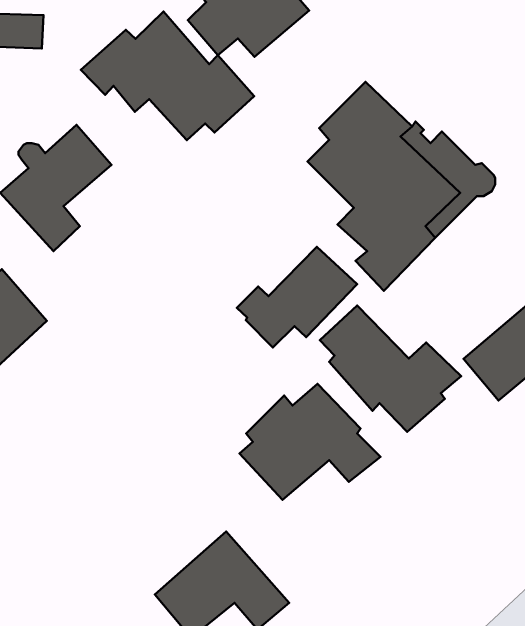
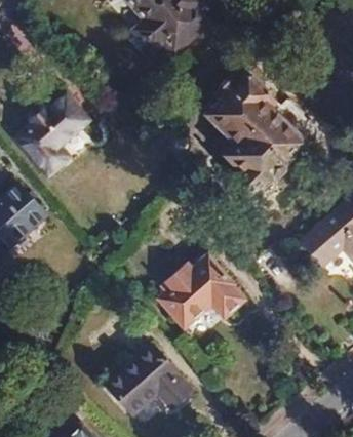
building: [81,12,254,140] -> none
building: [237,247,357,348] -> none
building: [320,305,461,432] -> none

